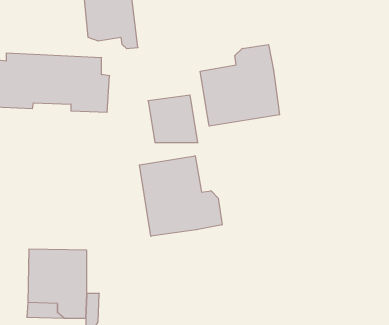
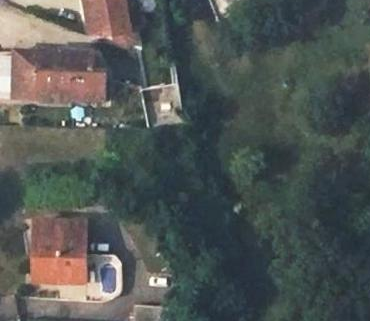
building: [200,45,280,126] -> none
building: [139,156,222,236] -> none

